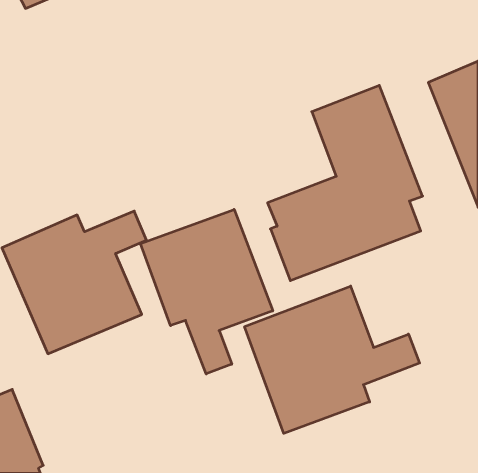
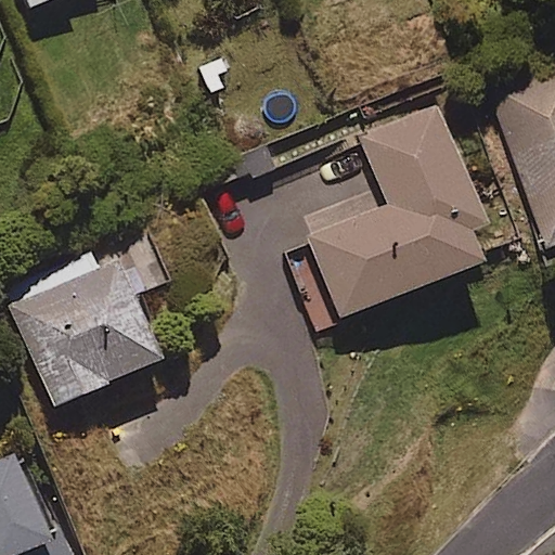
building: [140,209,273,374] -> none
building: [245,286,420,433] -> none

